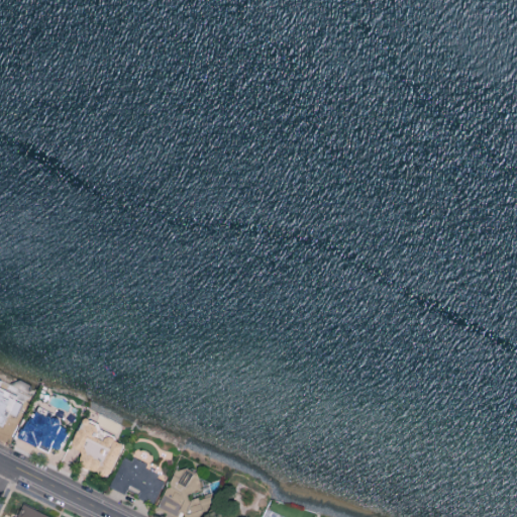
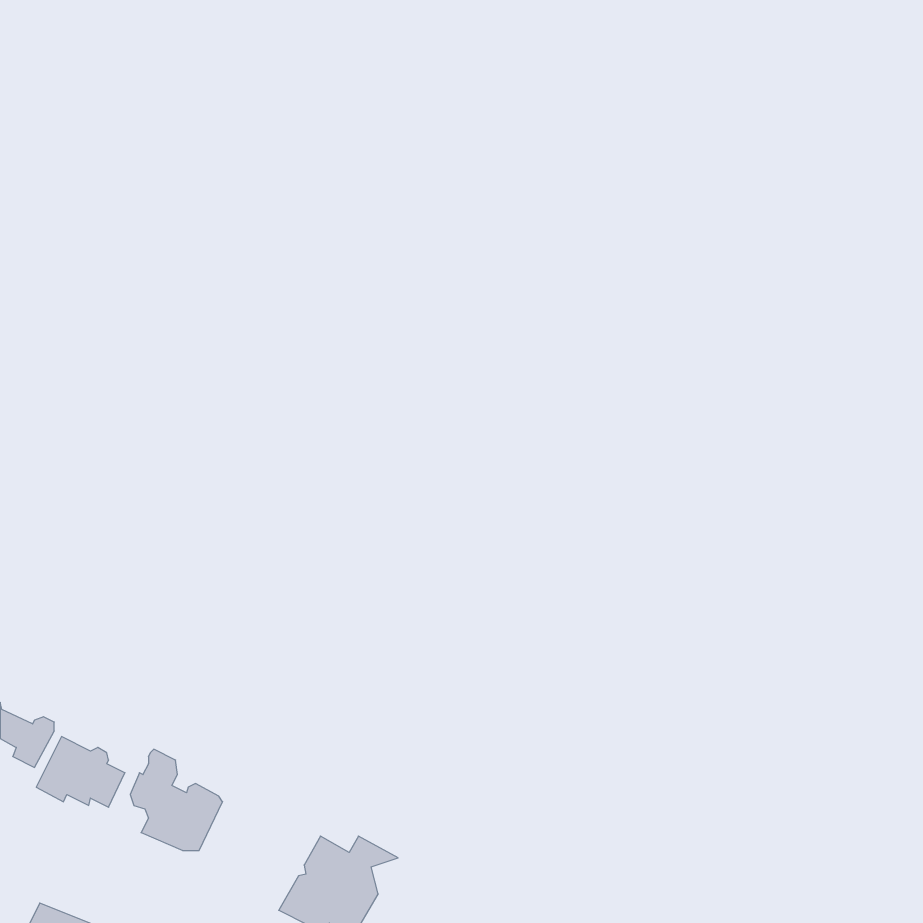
building: [110,458,165,508] -> none

